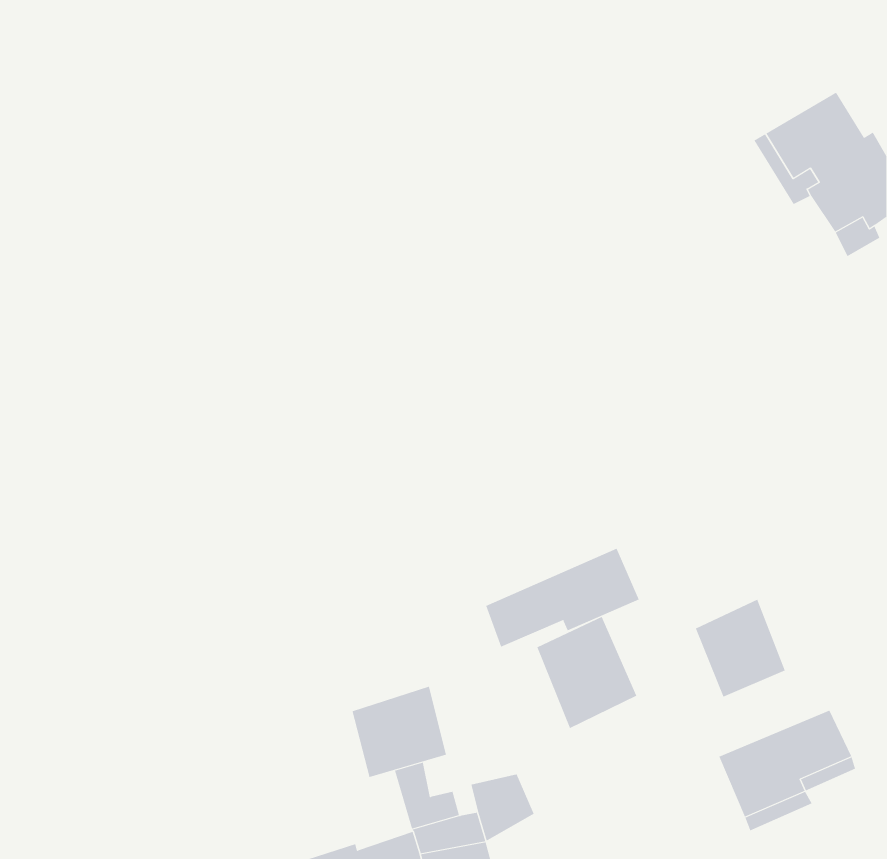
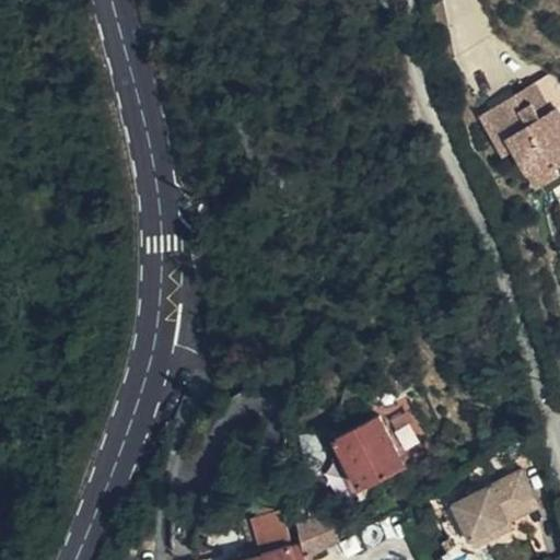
building: [485,548,640,648] -> none
building: [695,599,786,698] -> none
building: [352,686,446,778] -> none

